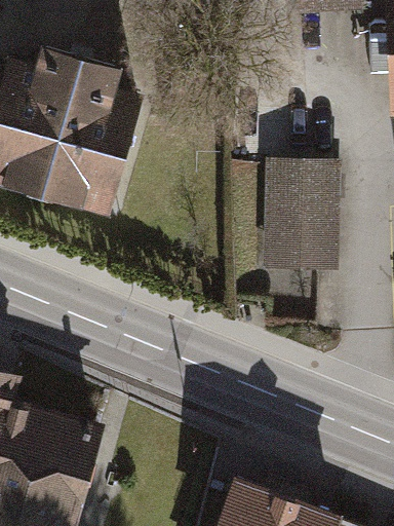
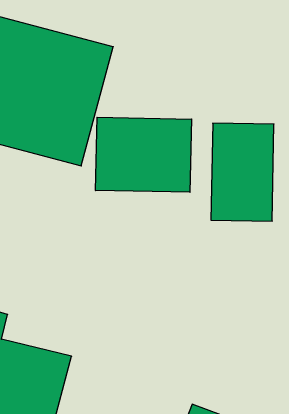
building: none -> [96,117,192,192]

